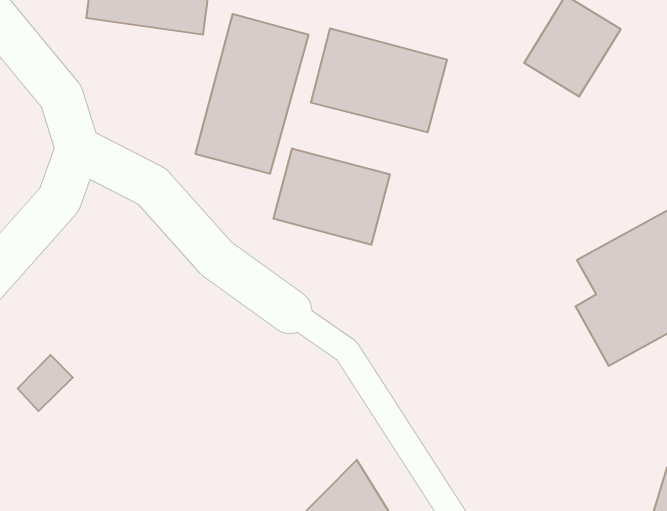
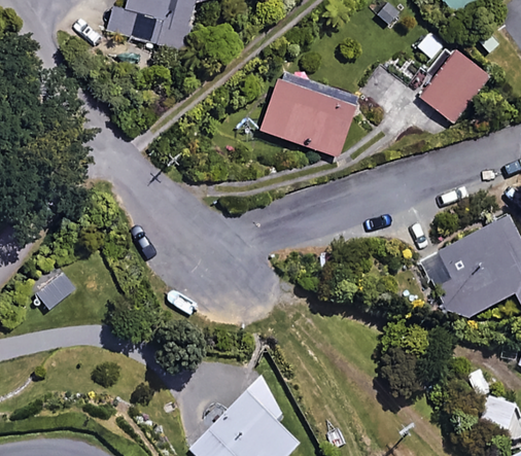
building: [196,14,308,174] -> none
building: [274,148,390,245] -> none

